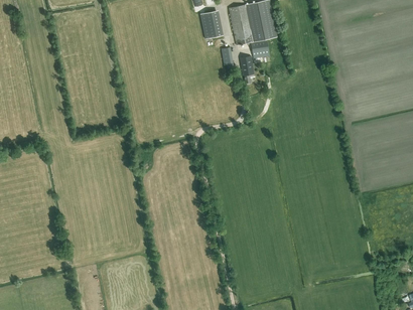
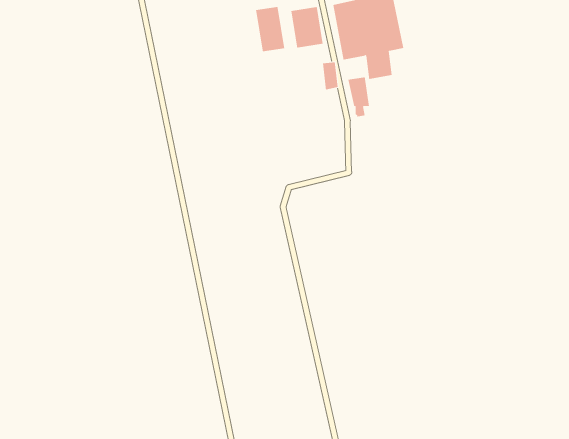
building: none -> [256,6,285,52]

